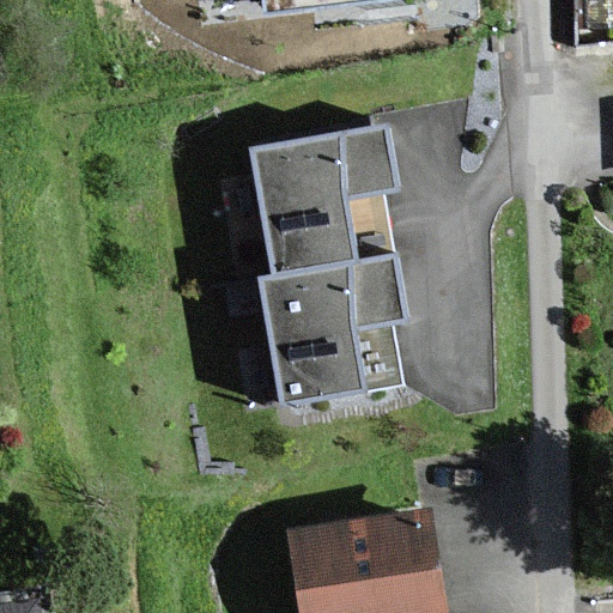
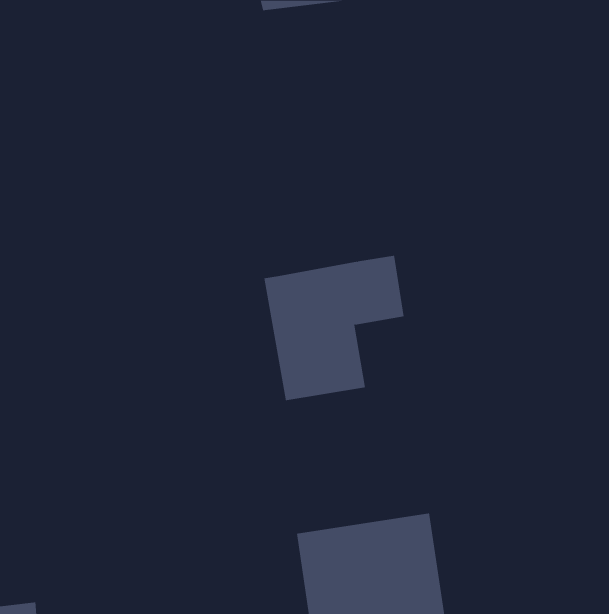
building: [255,126,394,275] -> none

